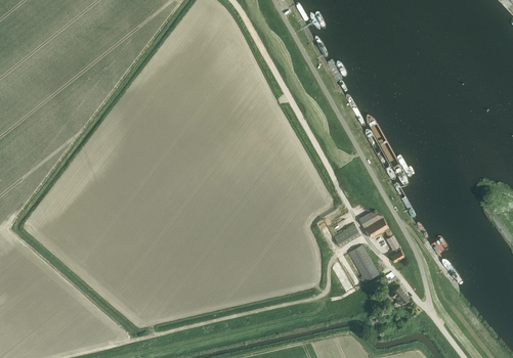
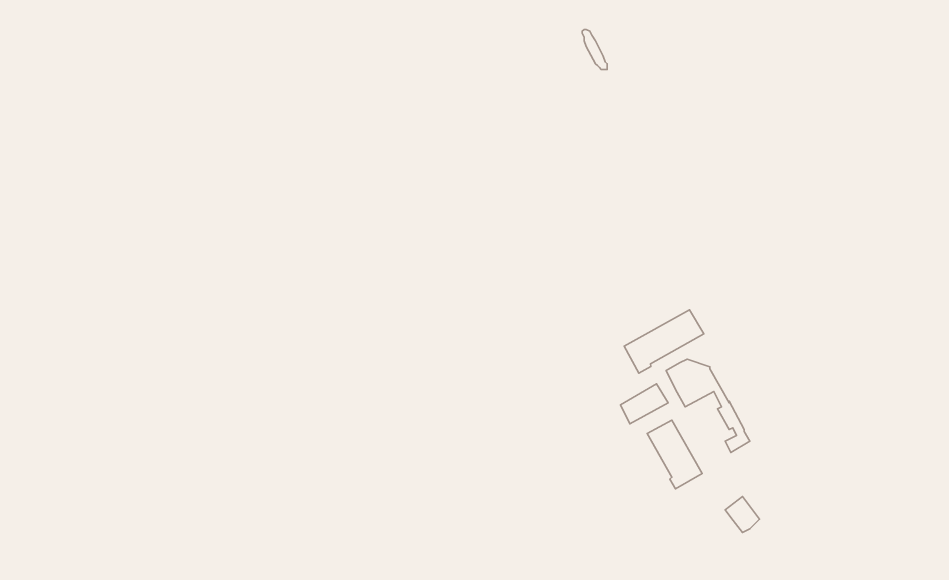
building: none -> [624,310,704,373]

